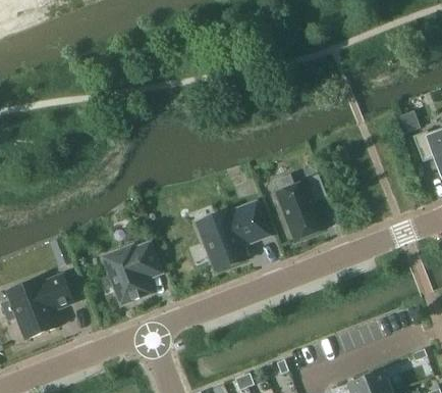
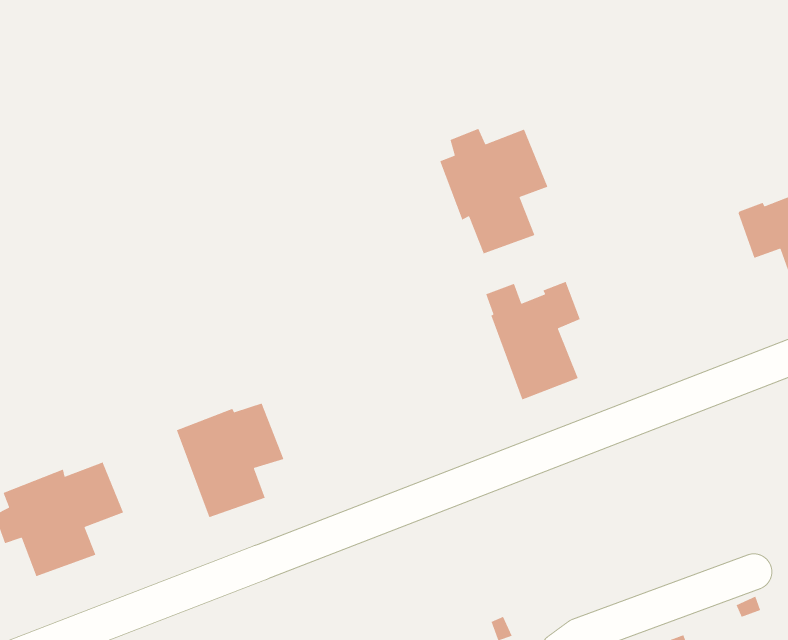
building: none -> [439,128,549,255]
building: [192,199,269,273] -> none

